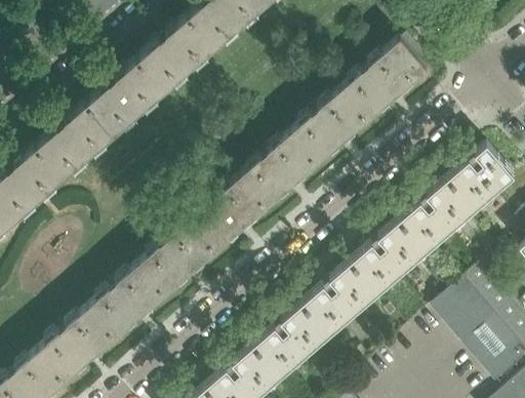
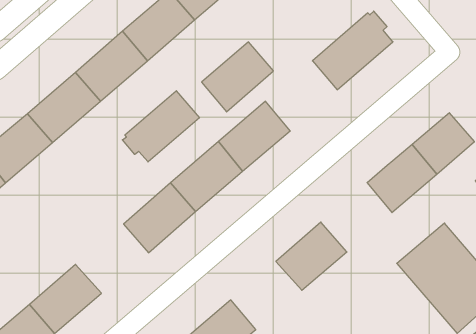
building: [291,91,368,166] -> [202,42,273,112]
building: none -> [122,91,199,162]
building: [351,222,427,295] -> none
building: [88,266,166,340] -> none
building: [254,306,330,379] -> none

